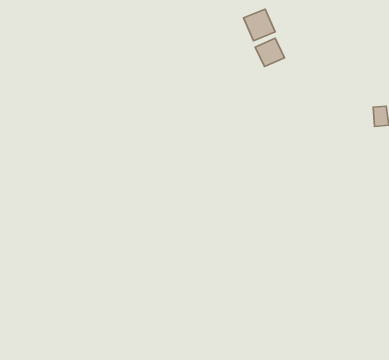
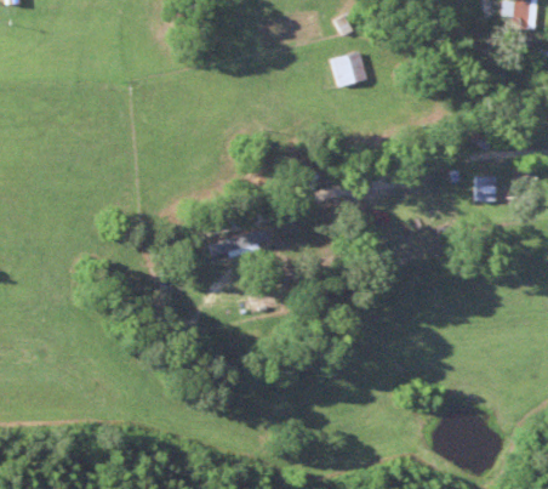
building: [255,38,284,67] -> none

